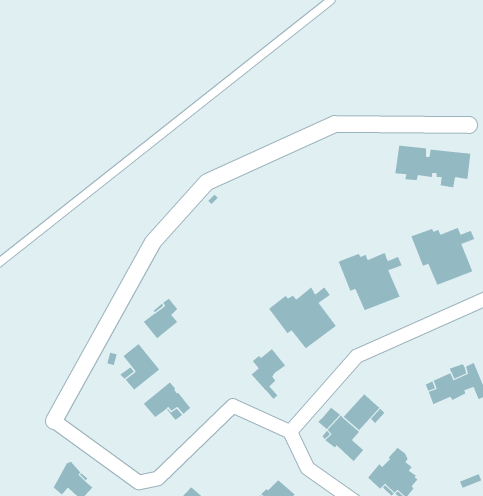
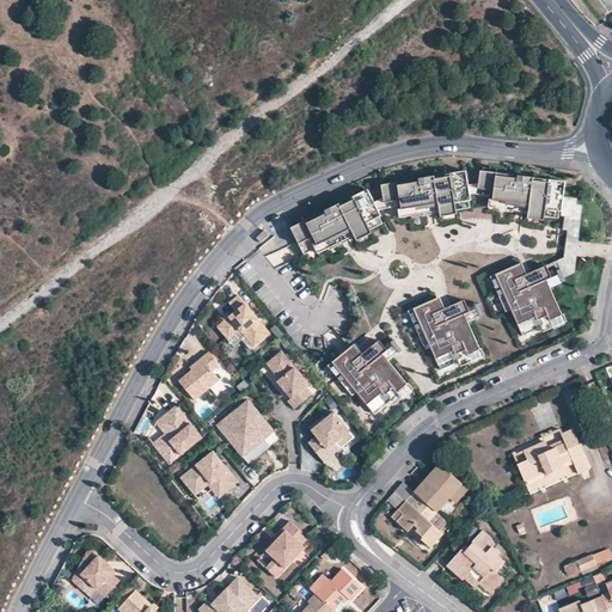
building: none -> [381,172,472,224]
building: none -> [288,191,380,258]
building: none -> [216,295,269,348]
building: none -> [263,353,307,410]
building: none -> [215,400,273,457]
building: none -> [265,520,307,577]

